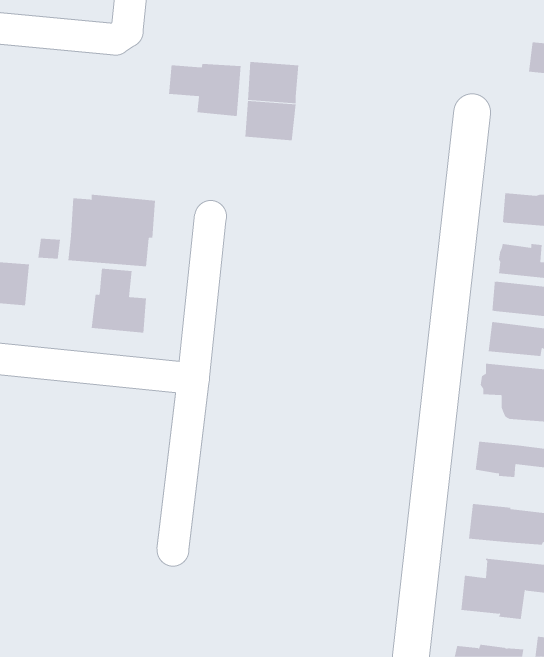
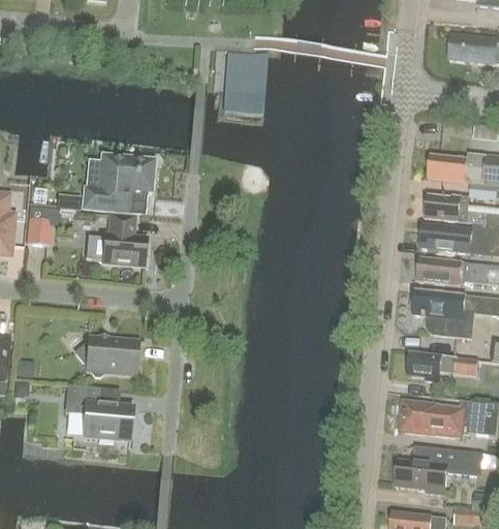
building: [168,63,241,117] -> none
building: none -> [75,336,138,375]
building: none -> [65,384,133,440]

